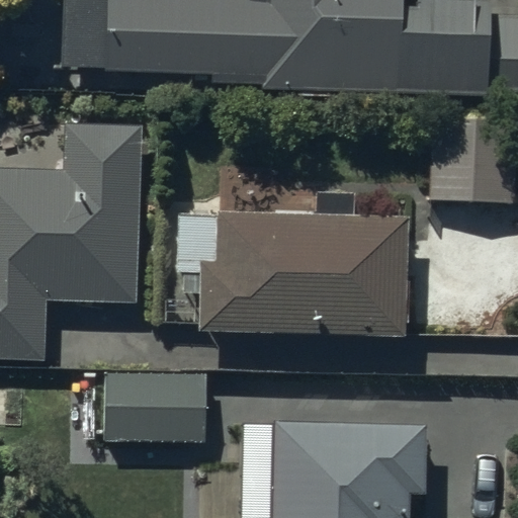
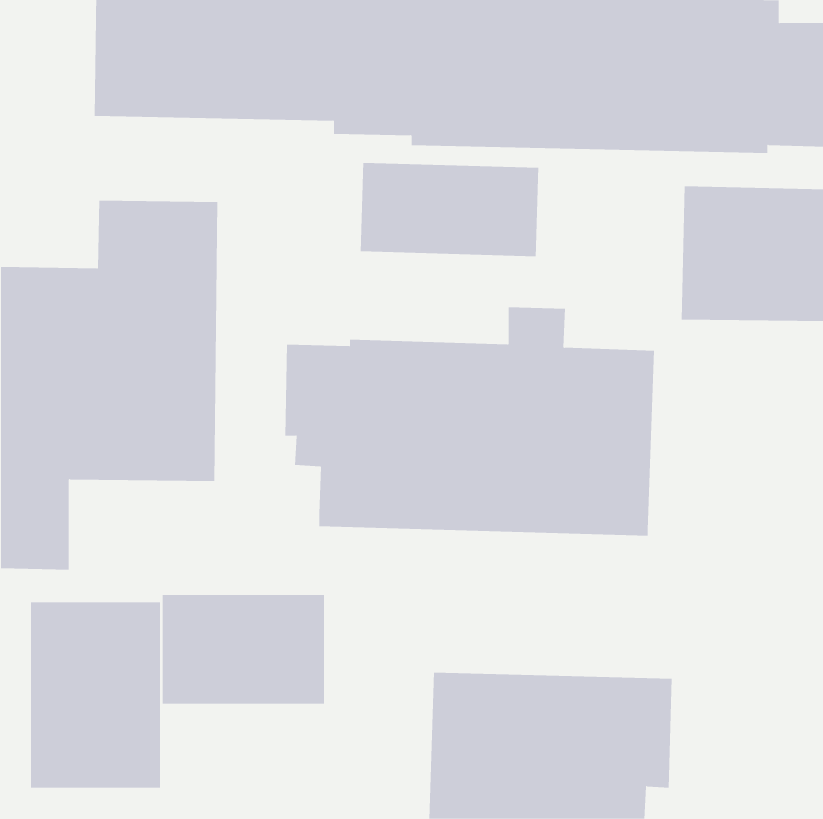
building: none -> [360,162,539,257]
building: none -> [31,602,161,789]

